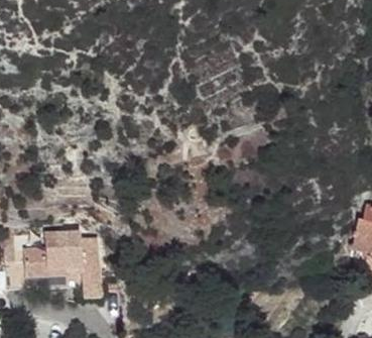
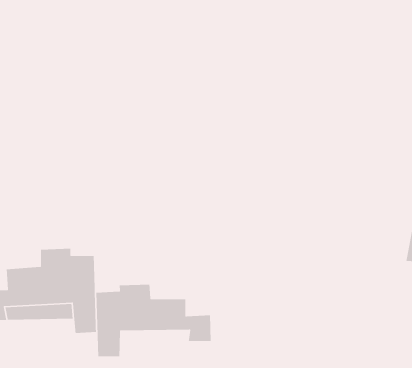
building: none -> [96,284,212,357]

